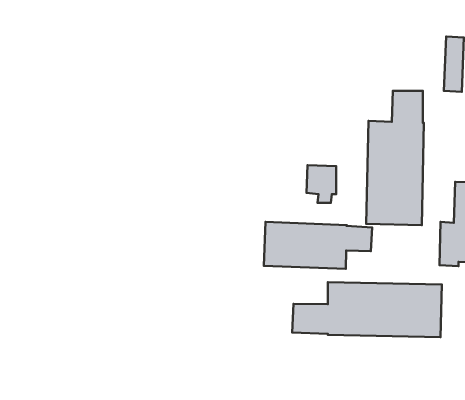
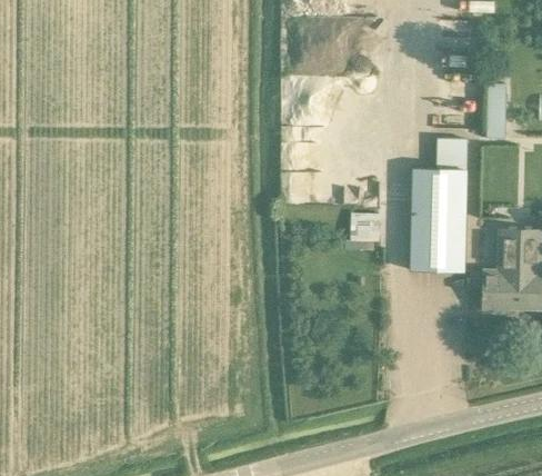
building: [264,222,372,269] -> none
building: [292,282,442,337] -> none

